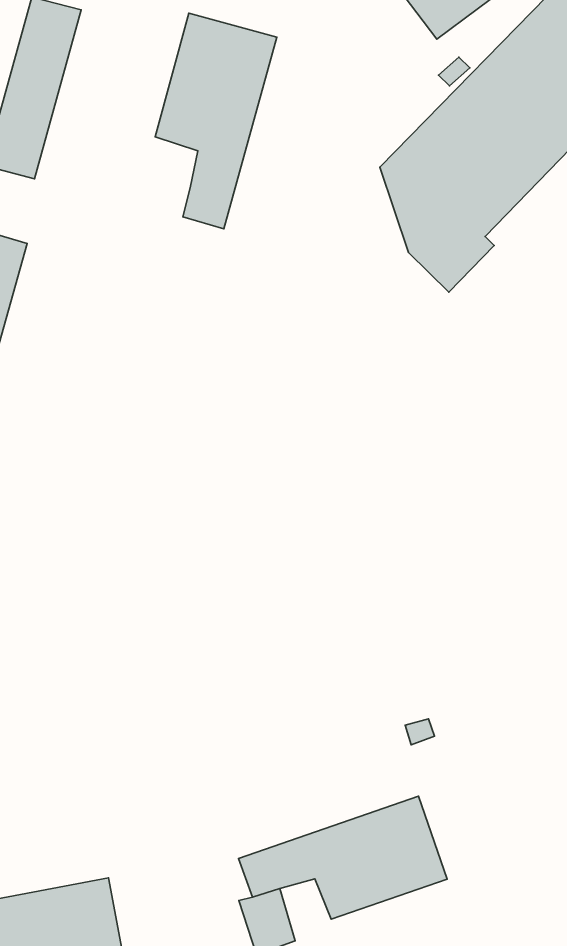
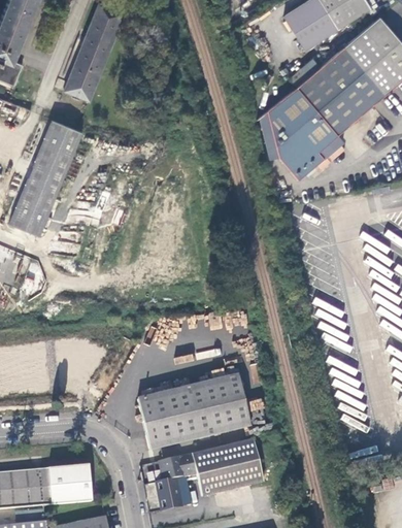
building: [155,13,277,229] -> none
building: none -> [137,374,248,447]

